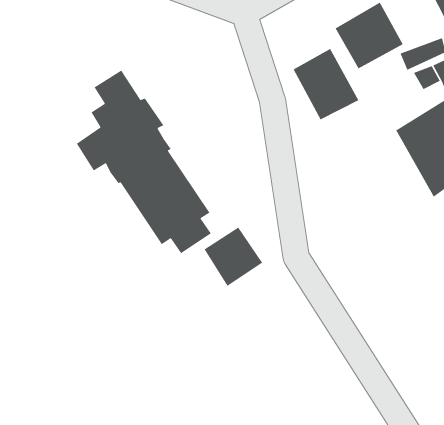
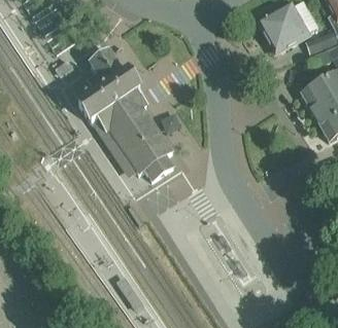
building: [292,48,360,120] -> none
building: [203,226,263,287] -> none

